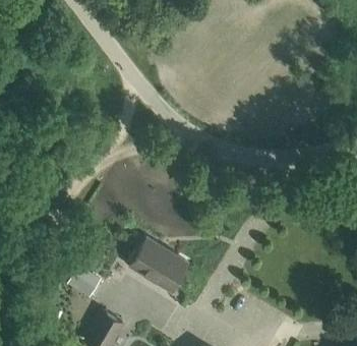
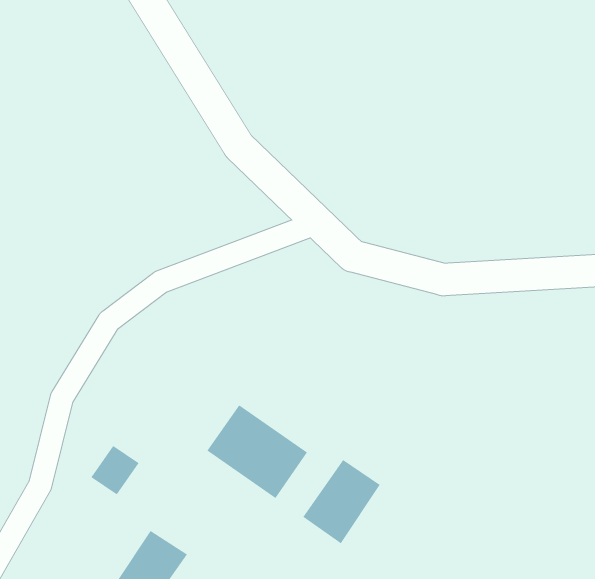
building: none -> [303,459,380,544]

